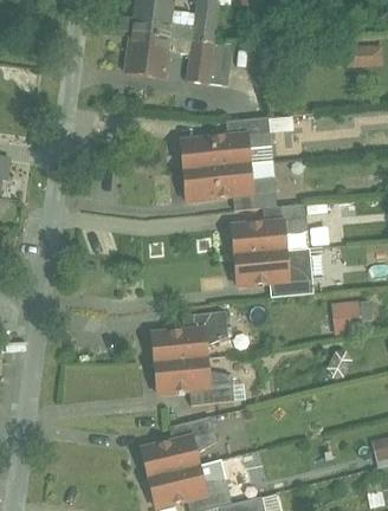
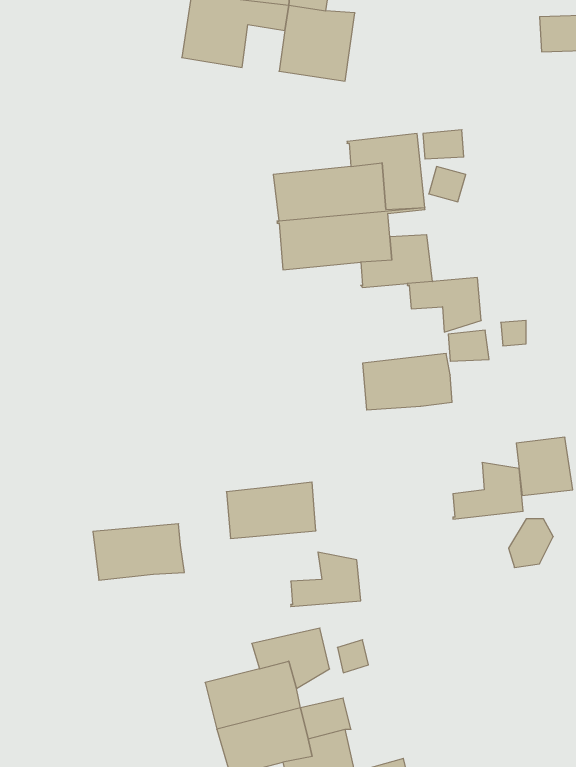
building: [232,220,286,254] -> none
building: [271,261,313,296] -> [453,463,523,519]
building: [183,309,228,343] -> none
building: [155,356,211,390] -> [93,524,184,580]

